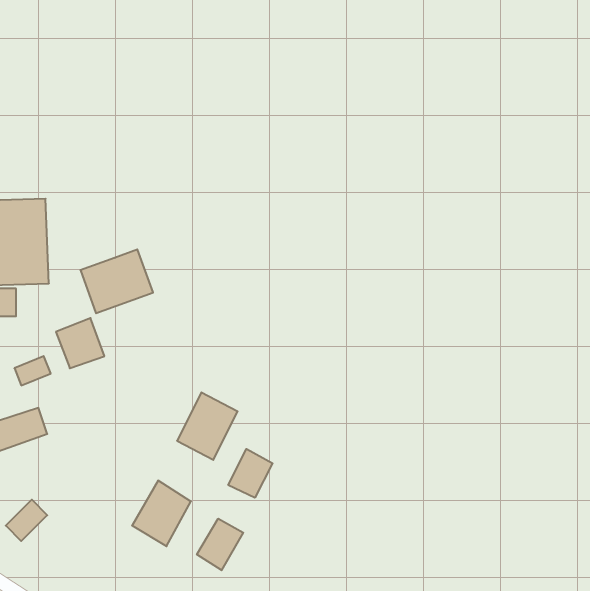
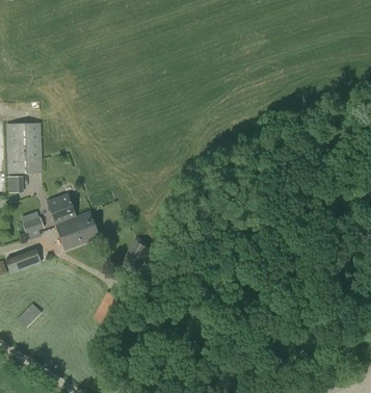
building: [80,249,153,313] -> [55,210,99,248]
building: [228,449,273,498] -> none
building: [197,519,243,570] -> none

